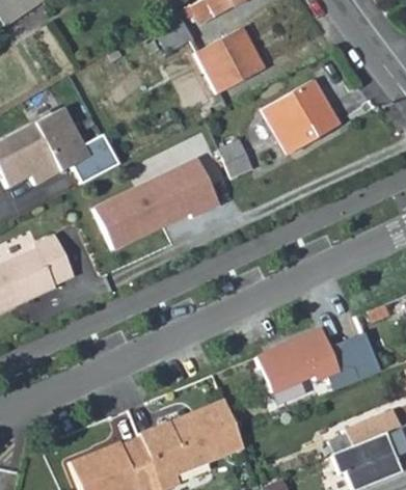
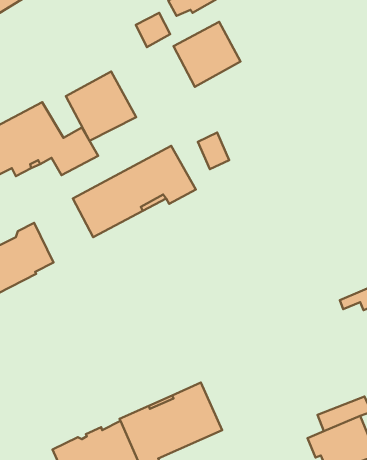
building: none -> [66,72,136,141]
building: [265,80,337,153] -> none
building: [256,330,380,392] -> none

